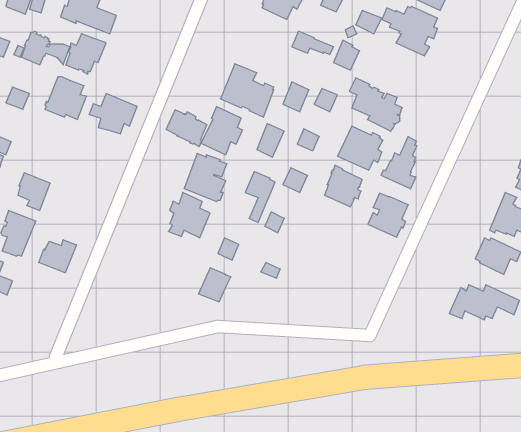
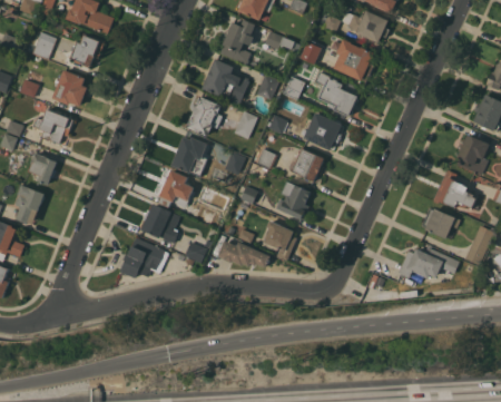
building: none -> [219,17,255,65]
building: none -> [333,39,374,88]
building: [89,94,137,134] -> [32,109,73,144]
building: [166,110,207,147] -> none
building: [381,136,417,189] -> none
building: [368,193,408,237] -> [276,182,311,219]
building: none -> [141,204,180,244]
building: [39,240,76,273] -> none
building: none -> [264,220,296,261]
building: none -> [120,237,165,278]
building: none -> [218,241,271,267]

